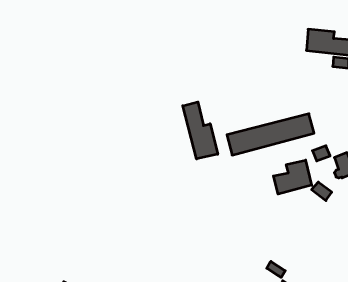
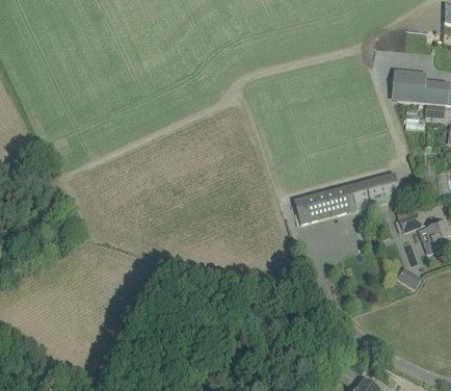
building: [183,102,218,159] -> none
building: [273,160,312,194] -> none

